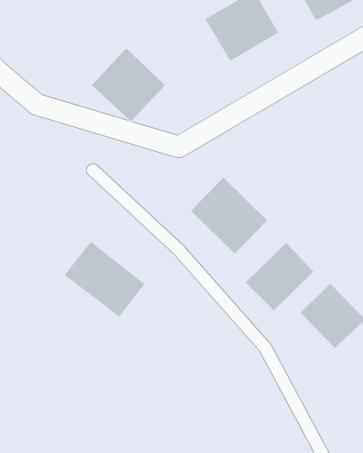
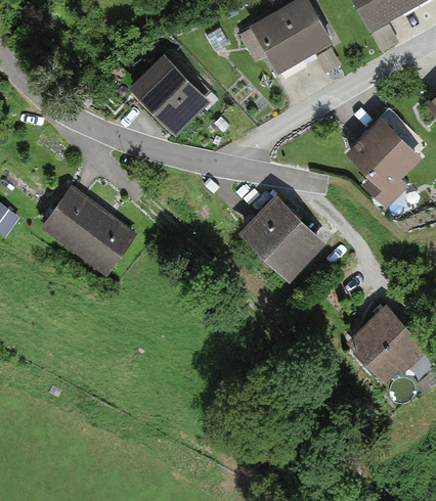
building: none -> [351,124,418,211]
building: [64,241,145,317] -> [39,186,127,269]
building: [245,242,314,311] -> none

